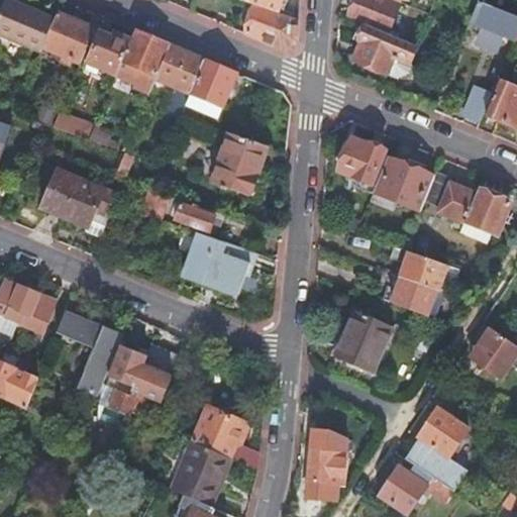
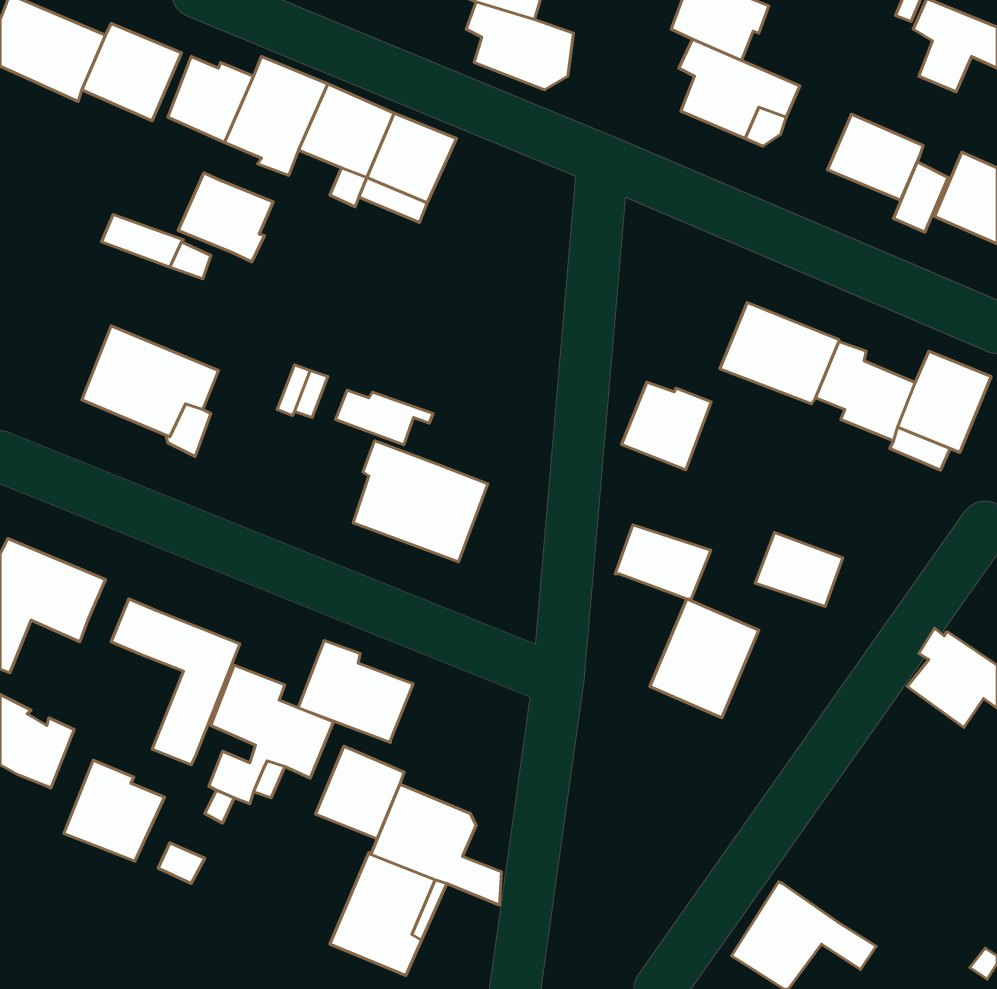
building: none -> [828,114,923,200]
building: none -> [178,173,273,262]
building: [212,133,267,196] -> none
building: [337,138,384,184] -> [621,382,711,470]
building: [399,250,448,289] -> [615,525,711,599]
building: none -> [298,641,413,743]
building: none -> [316,746,404,839]
building: none -> [64,760,164,861]
building: [405,407,470,478] -> none
building: [308,442,345,502] -> none

